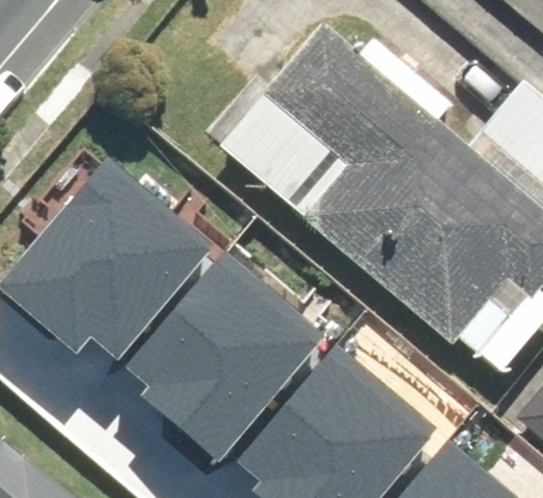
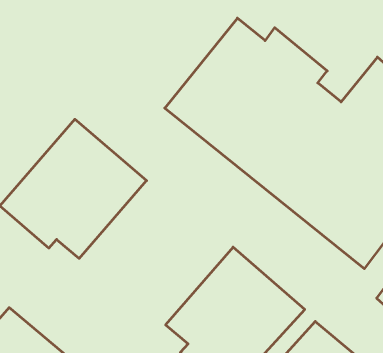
building: [125,257,318,463] -> none

